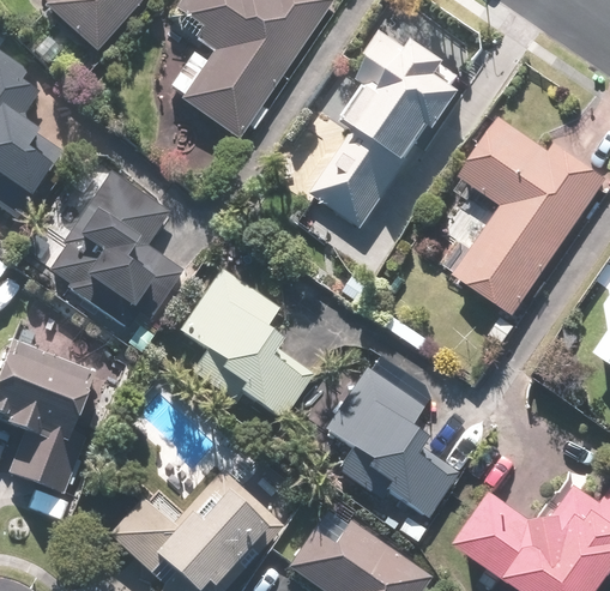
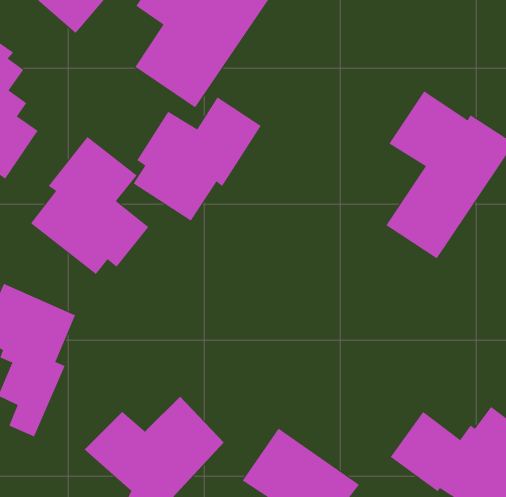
building: [313,28,465,225] -> none
building: none -> [133,97,262,221]
building: [179,269,312,416] -> none
building: [294,348,451,519] -> none

